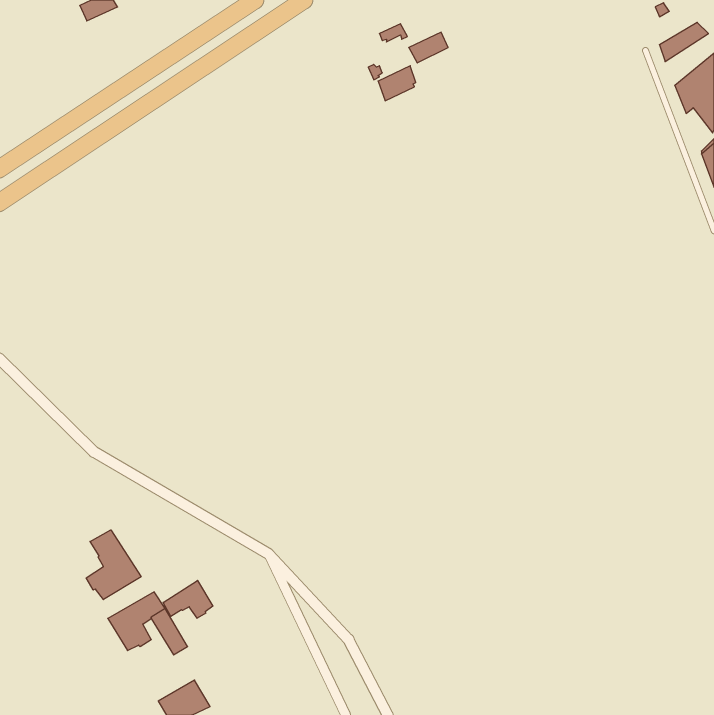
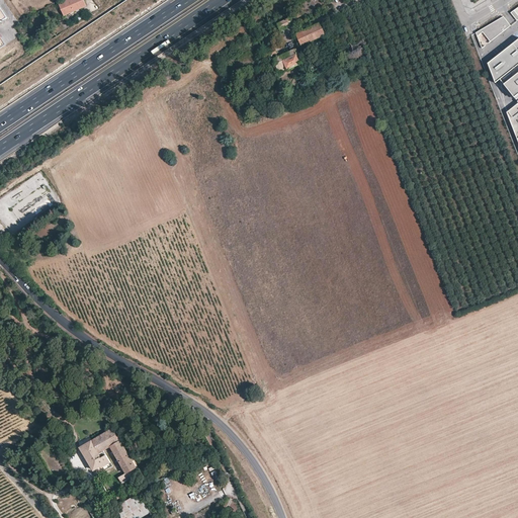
building: [86,530,141,600] -> none
building: [163,580,213,618] -> none

